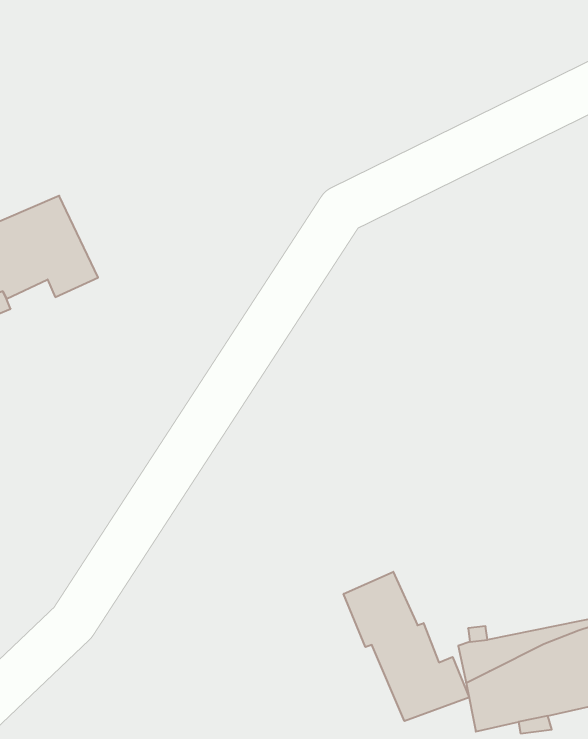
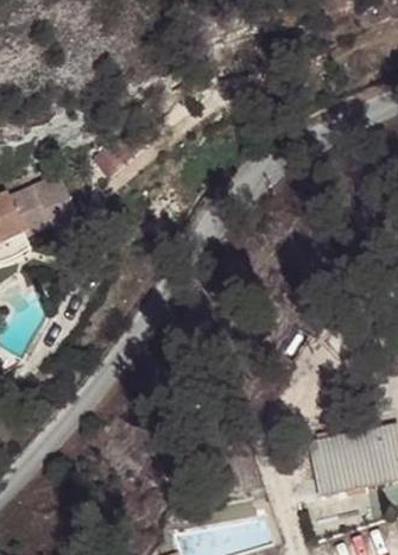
building: [344,572,469,721] -> none

